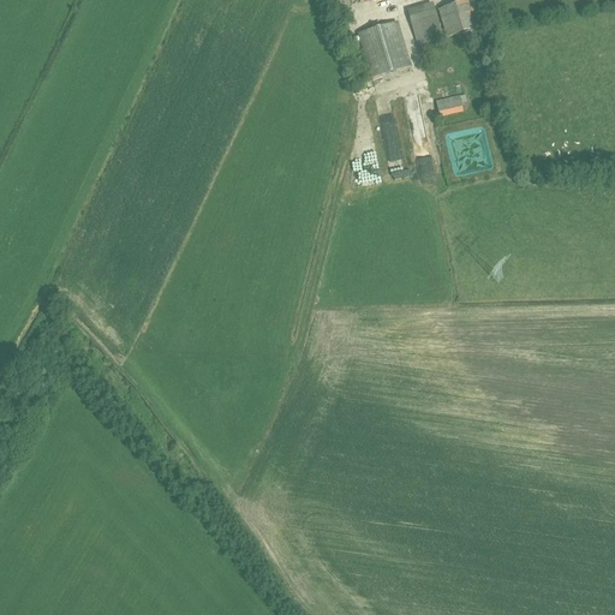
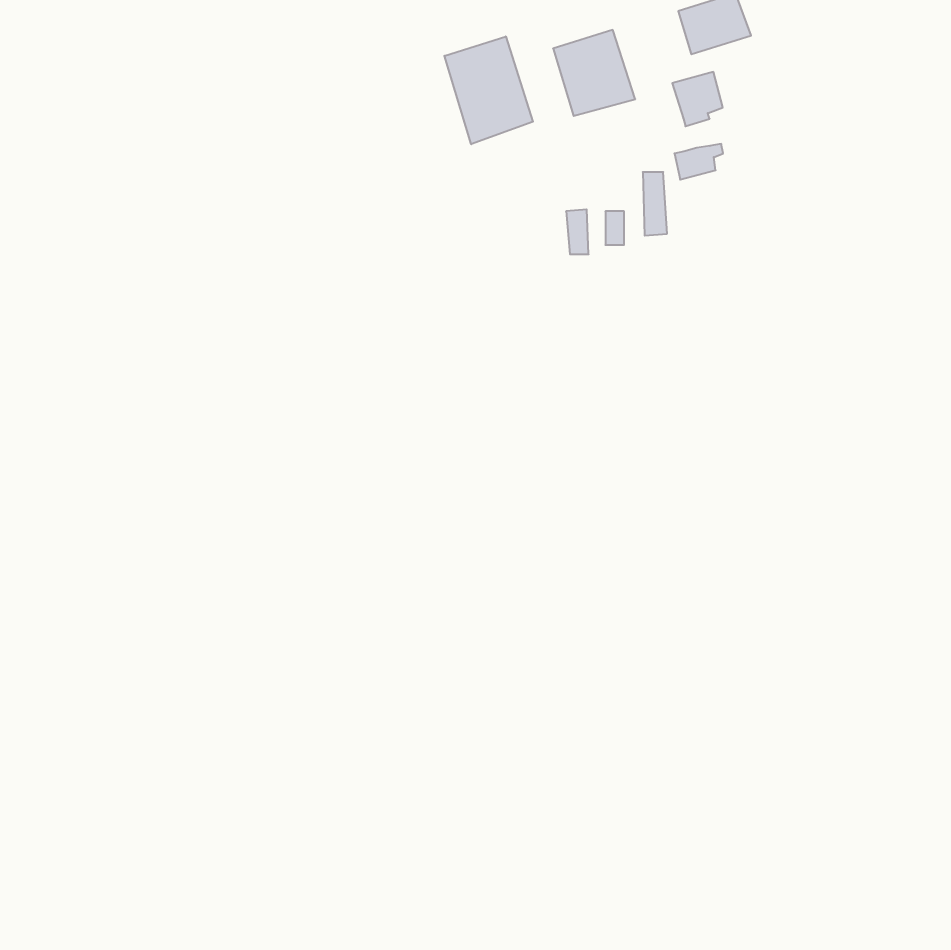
building: [407,8,440,43] -> [672,72,723,126]
building: none -> [444,36,533,144]

